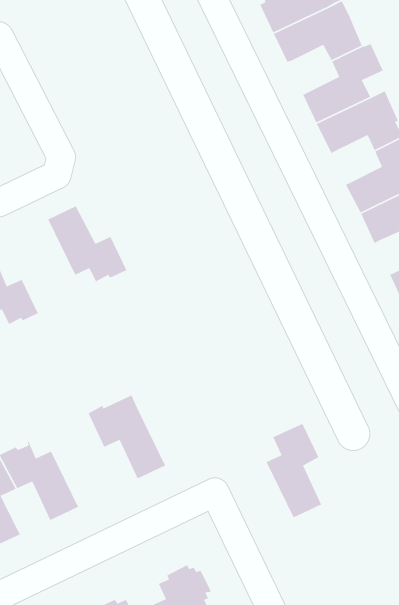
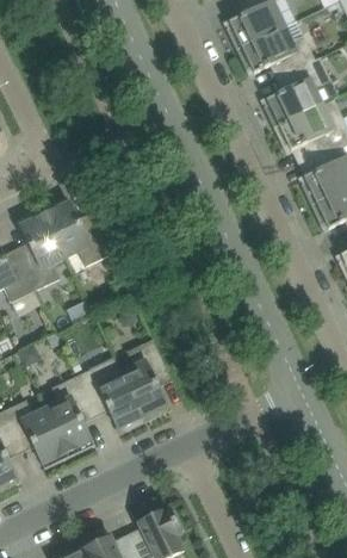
building: none -> [17,207,66,289]
building: none -> [45,374,94,455]
building: [265,423,322,519] -> [120,337,169,420]

